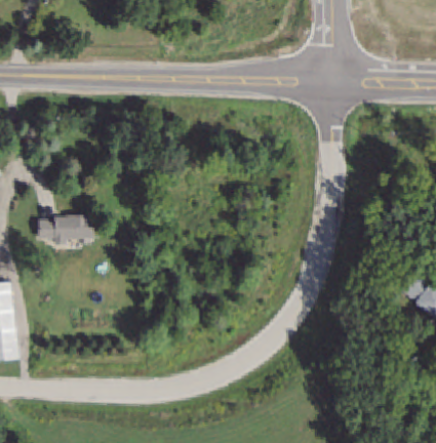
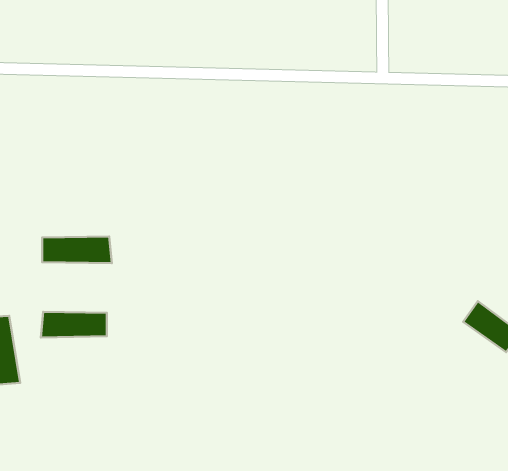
building: none -> [41,312,107,337]

